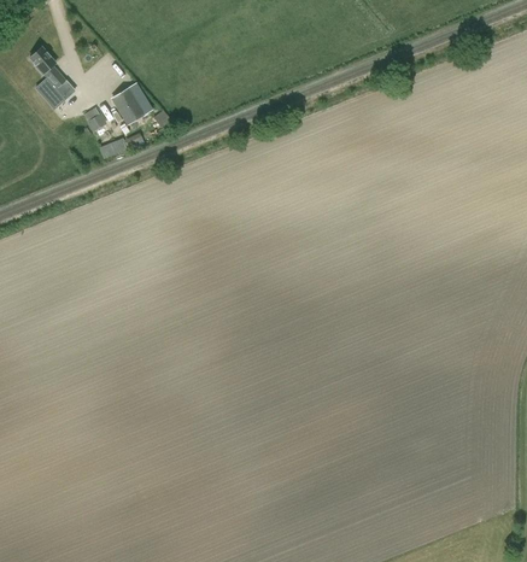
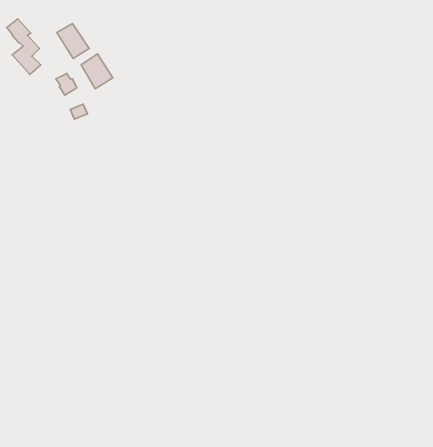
building: none -> [57,23,89,59]

